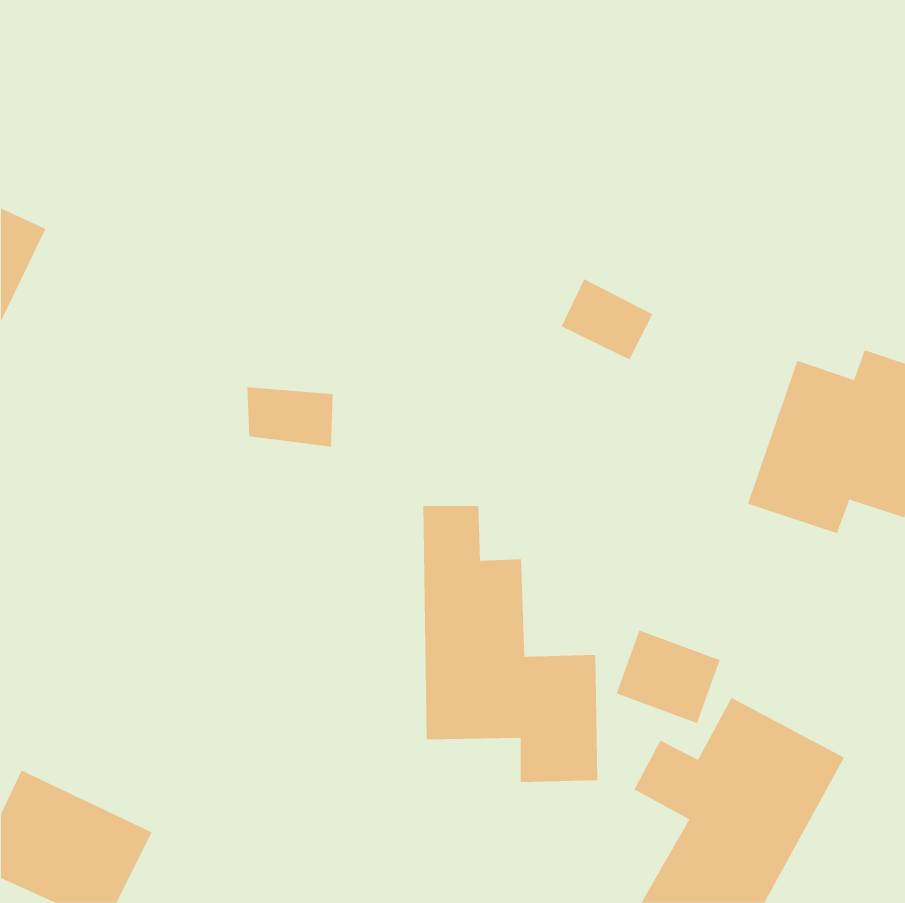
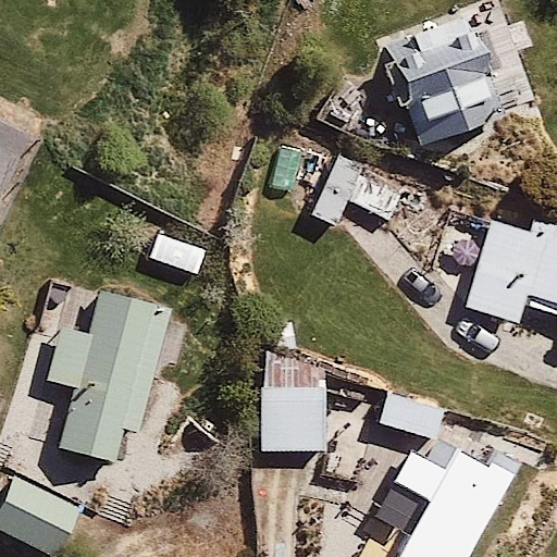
building: none -> [381,13,505,146]
building: none -> [50,298,169,470]

